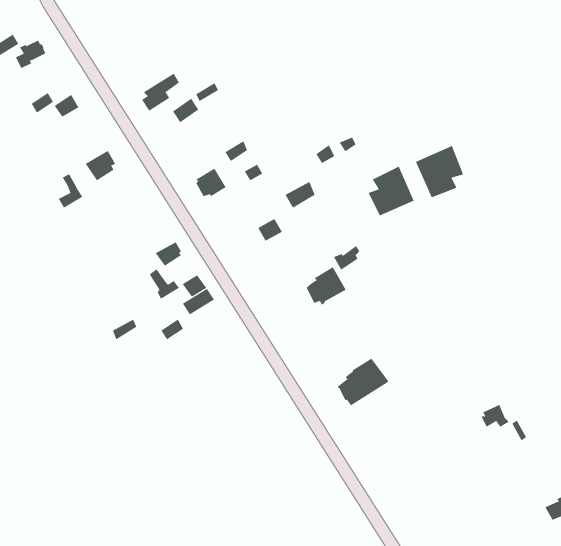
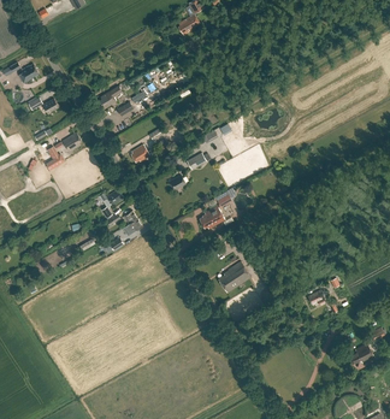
building: [415,145,464,198] -> none

